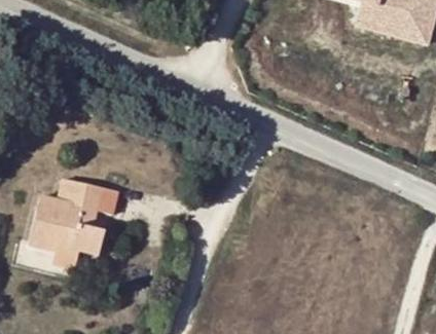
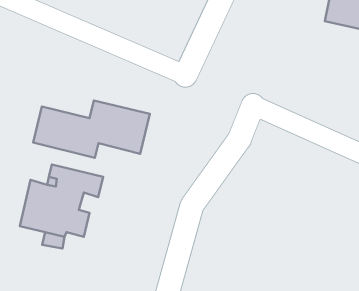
building: none -> [33,100,150,158]

